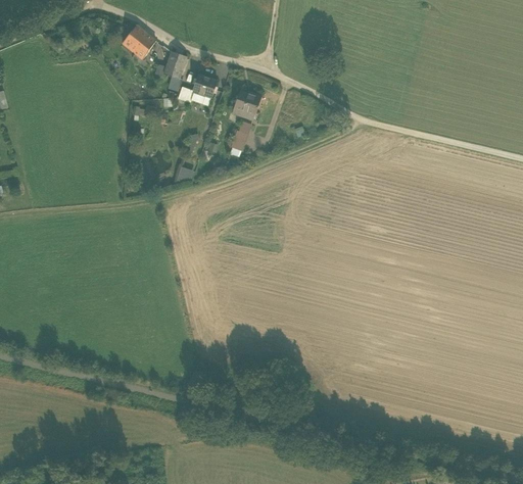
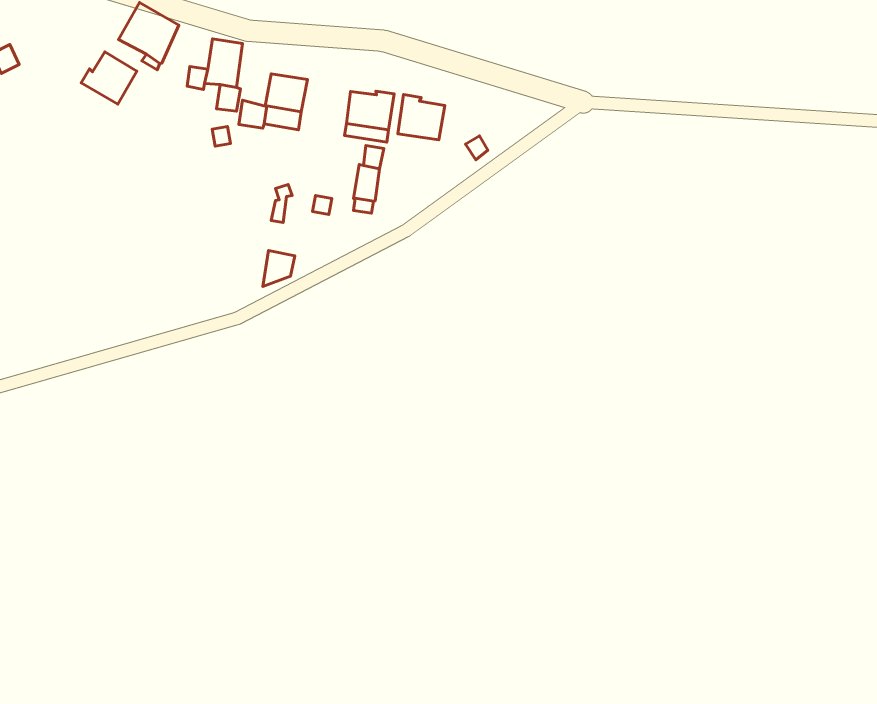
building: none -> [81,52,137,104]
building: none -> [398,95,445,140]

